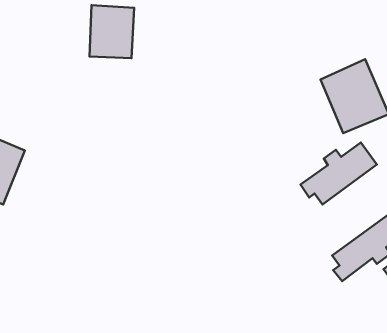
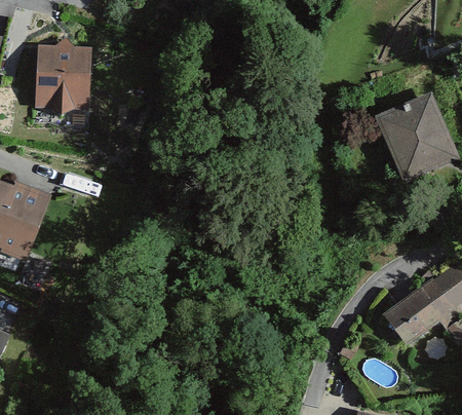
building: [90,5,134,58] -> [40,47,90,107]
building: [300,143,377,204] -> none

